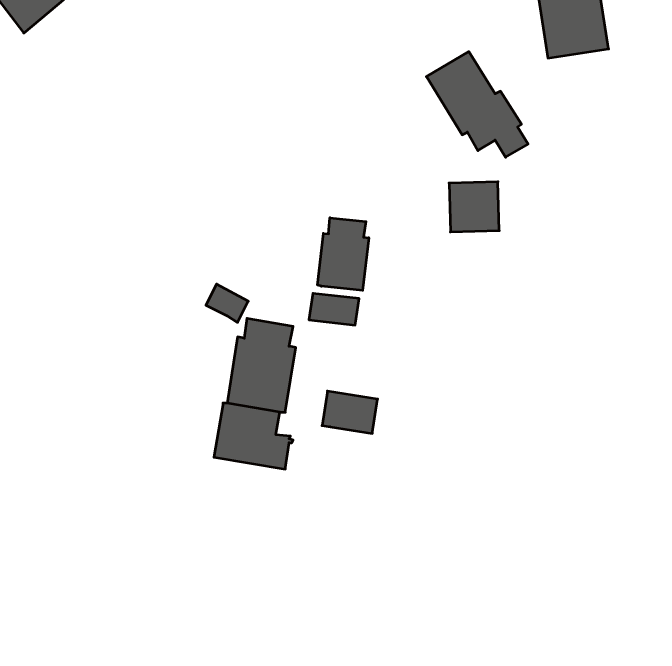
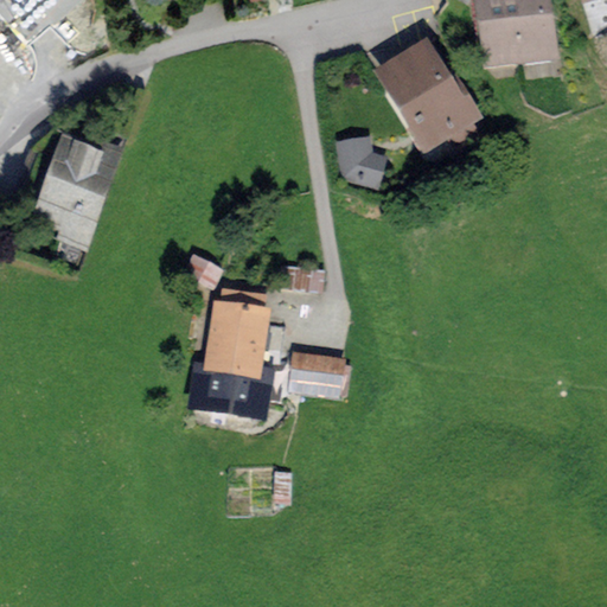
building: none -> [45,143,106,224]
building: [449,182,499,232] -> [339,133,384,178]
building: [318,218,369,290] -> none

